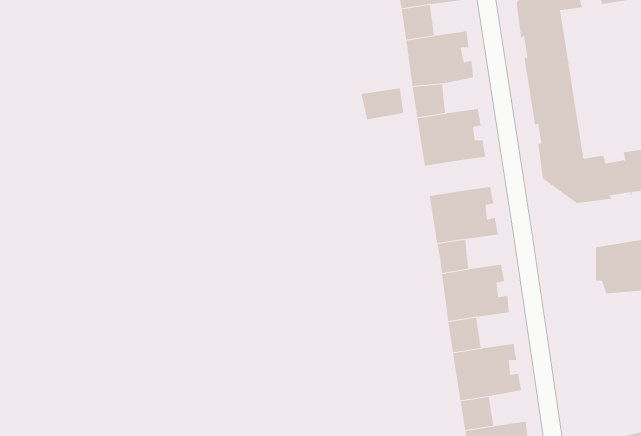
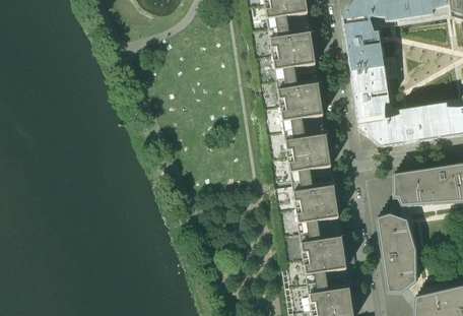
building: [361,87,404,120] -> none
building: none -> [283,118,306,140]
building: none -> [378,214,416,292]

